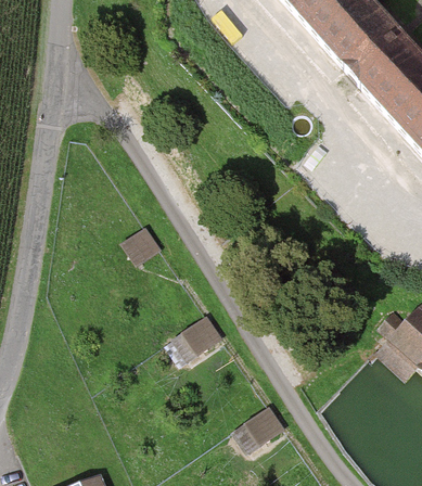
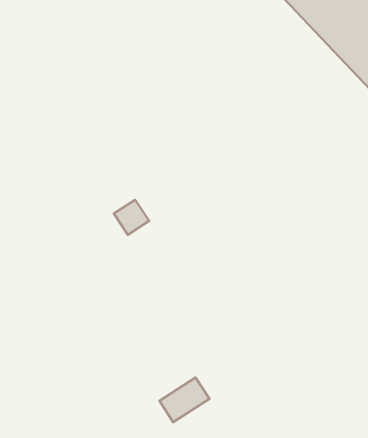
building: [171,315,222,360] -> none
building: [234,406,285,451] -> [159,377,209,422]

